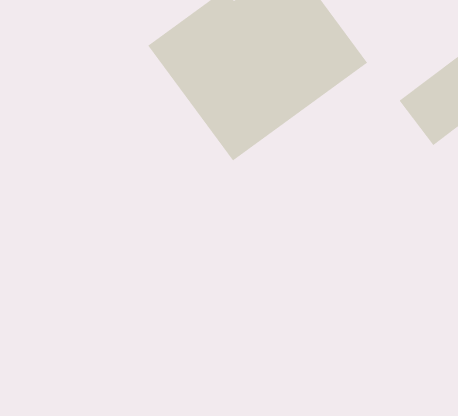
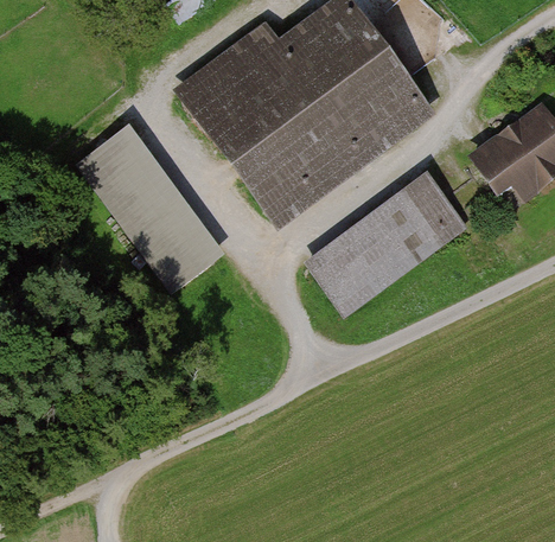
building: none -> [78,126,229,295]
building: none -> [302,172,464,315]

